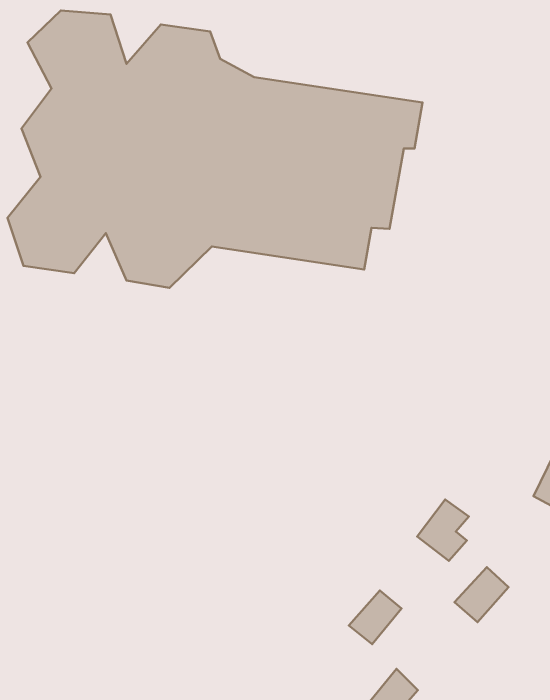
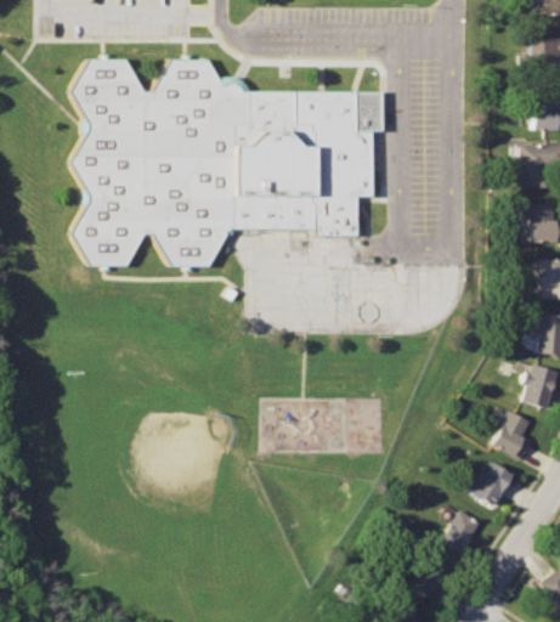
building: [417,499,469,561] -> [492,408,532,457]
building: [349,590,401,644] -> [439,508,479,552]

